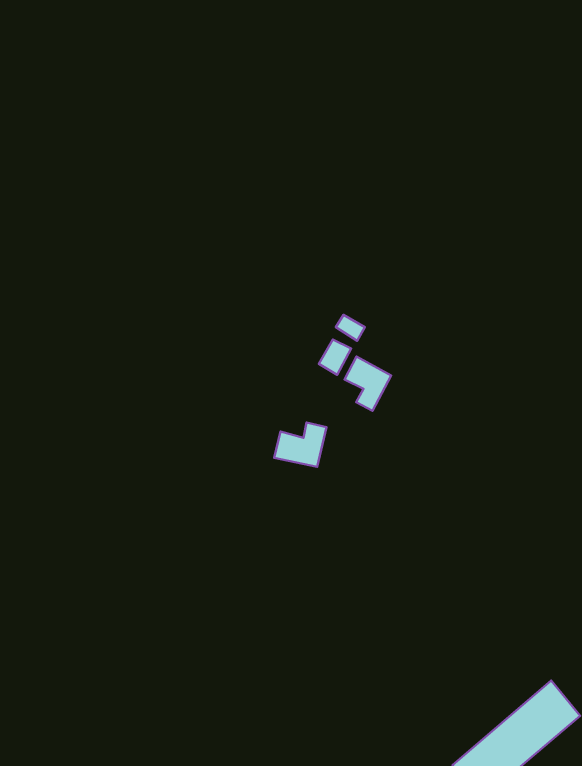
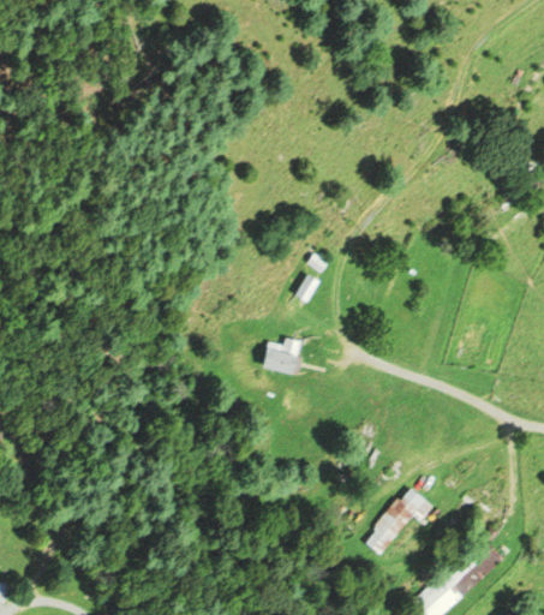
building: [344,356,391,411] -> none
building: none -> [367,488,434,555]

